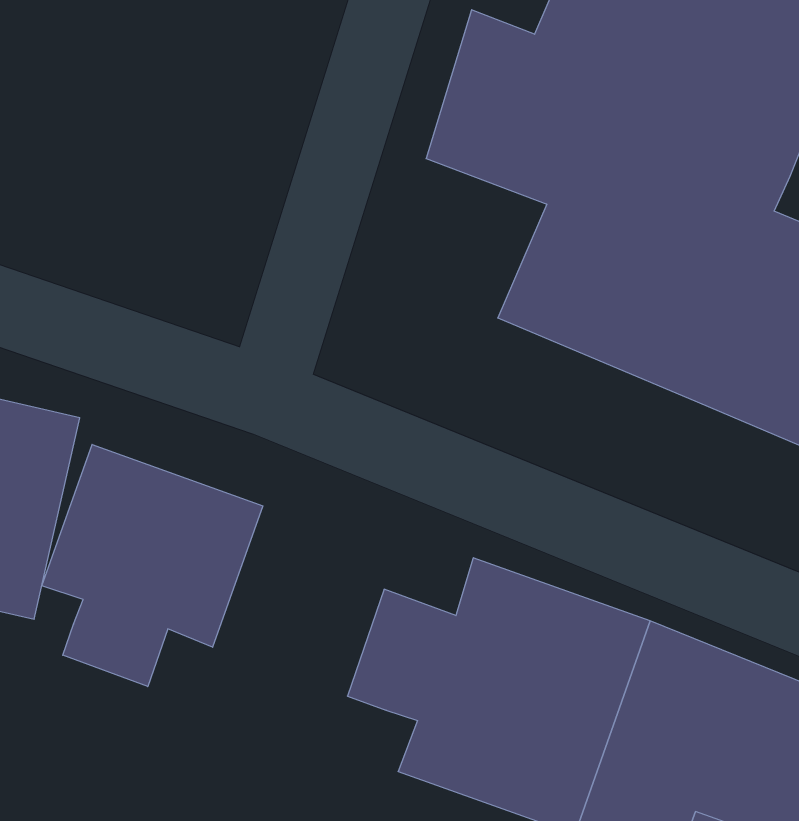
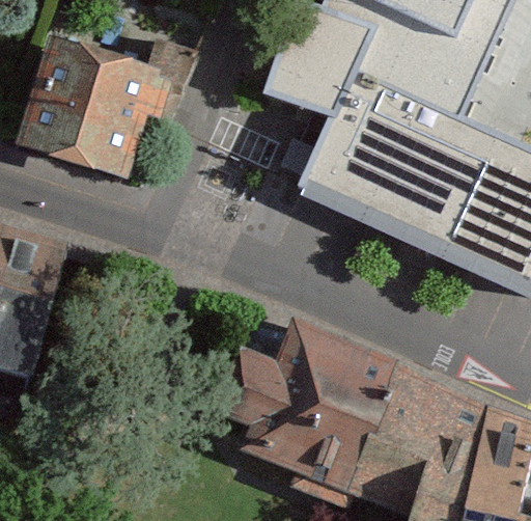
building: none -> [22,38,161,176]
building: [42,444,263,687] -> none

